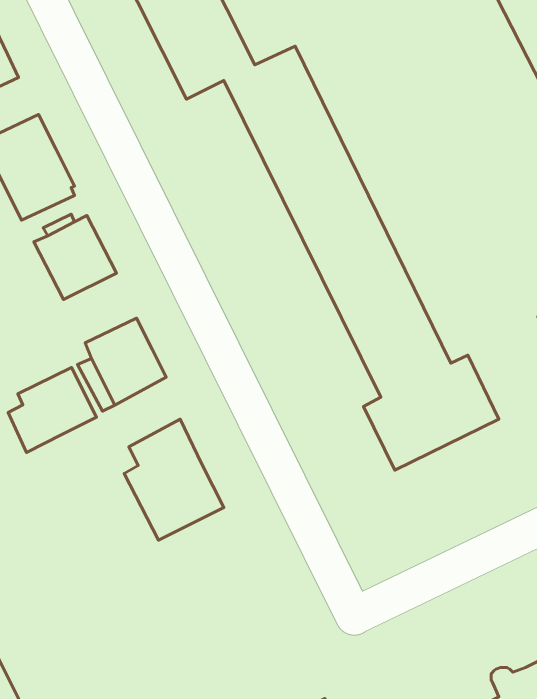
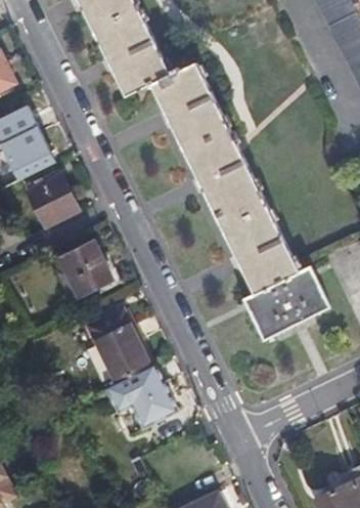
building: [8,368,96,453] -> none
building: none -> [105,364,178,435]

